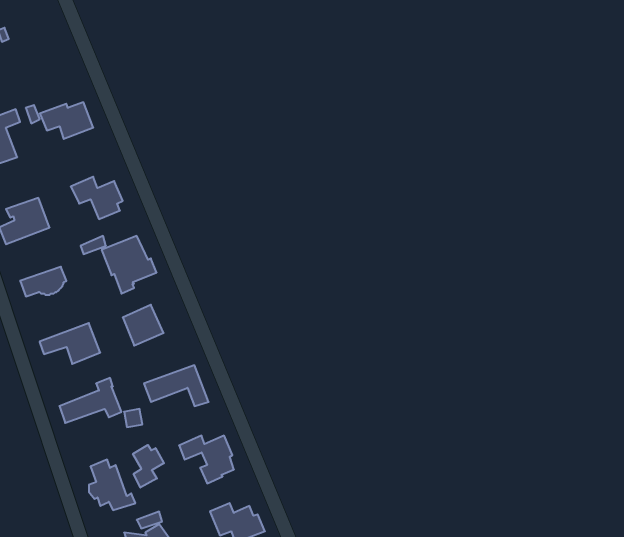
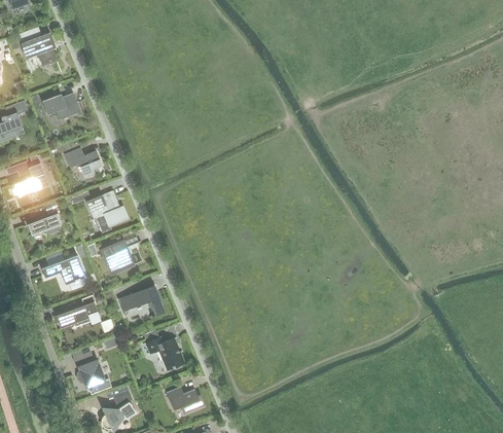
building: none -> [20,27,56,64]
building: [133,445,164,488] -> none

